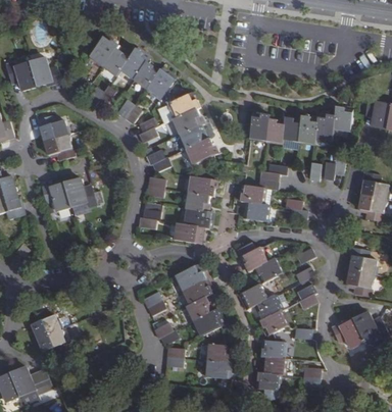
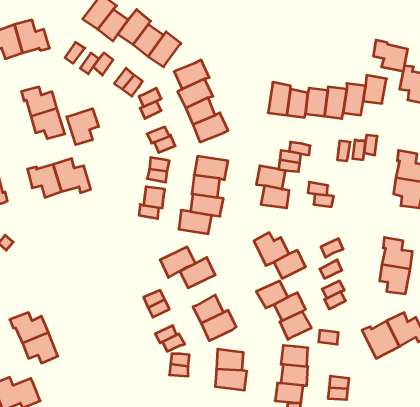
building: none -> [374,40,408,72]
building: none -> [67,109,99,145]
building: [181,279,211,306] -> [160,247,195,278]

